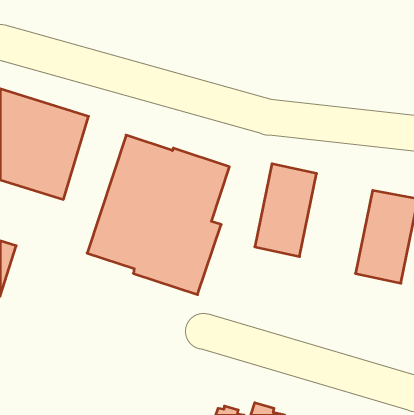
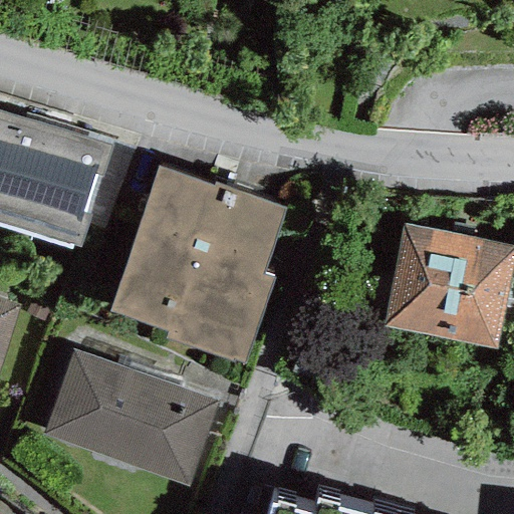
building: [255,164,317,257] -> [386,223,462,337]
building: none -> [44,348,219,484]

